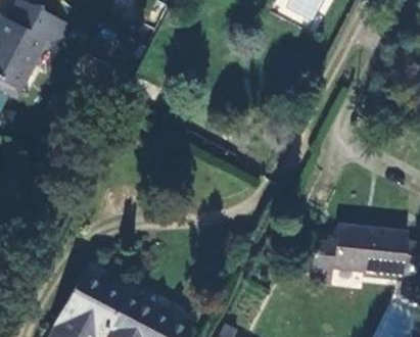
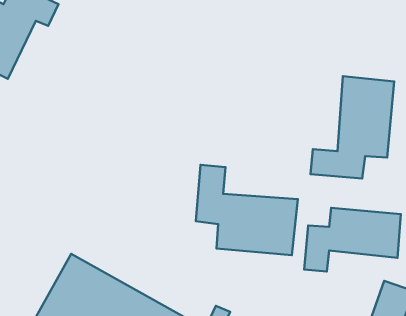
building: none -> [311,76,394,179]
building: none -> [196,165,298,255]

